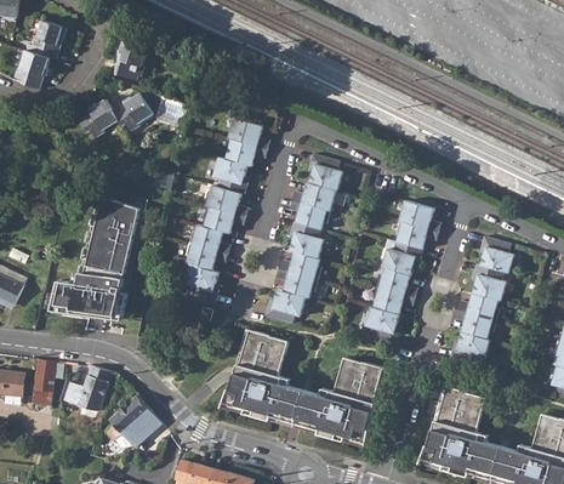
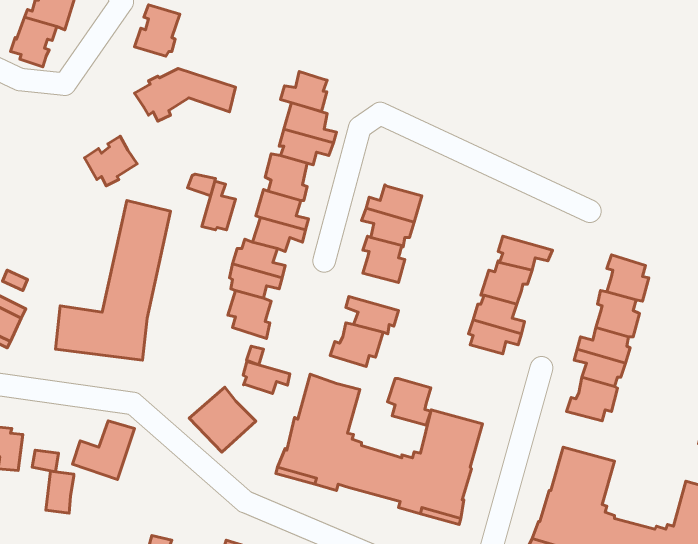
building: none -> [280,71,327,111]
building: [78,98,119,137] -> [85,136,137,186]
building: [309,153,342,190] -> none
building: none -> [202,181,235,230]
building: [399,200,439,232] -> none
building: [279,251,321,279] -> none
building: [365,306,399,342] -> [387,379,431,425]
building: none -> [243,361,290,393]
building: [34,358,56,391] -> [46,471,74,513]
building: [109,395,161,446] -> [189,387,256,452]

